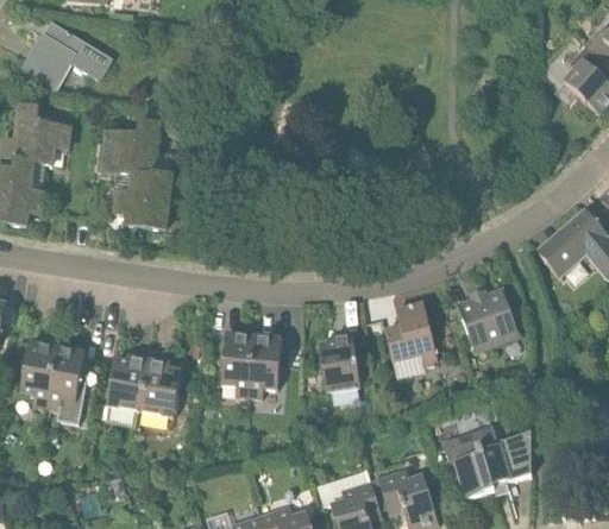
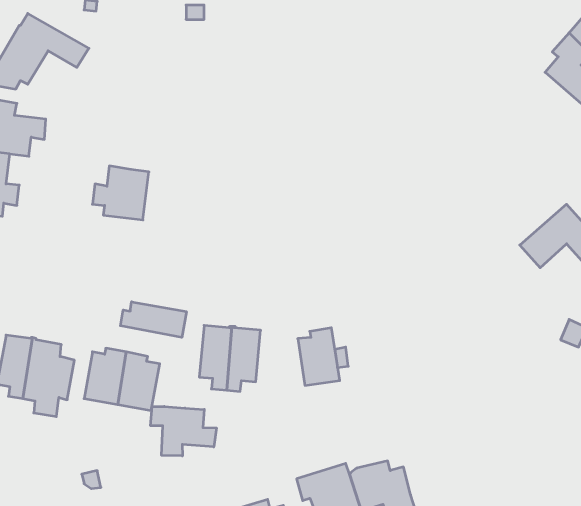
building: [101,124,159,177] -> none
building: [457,289,519,351] -> none
building: [384,302,438,361] -> none
building: none -> [120,302,186,337]
building: none -> [151,406,216,456]
building: [442,423,530,498] -> none

